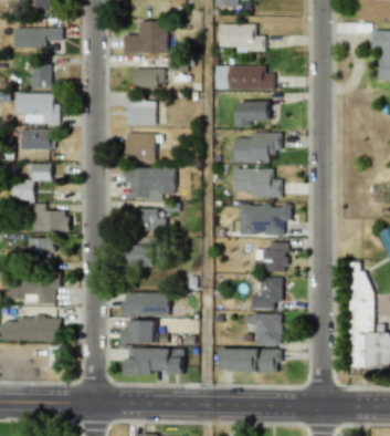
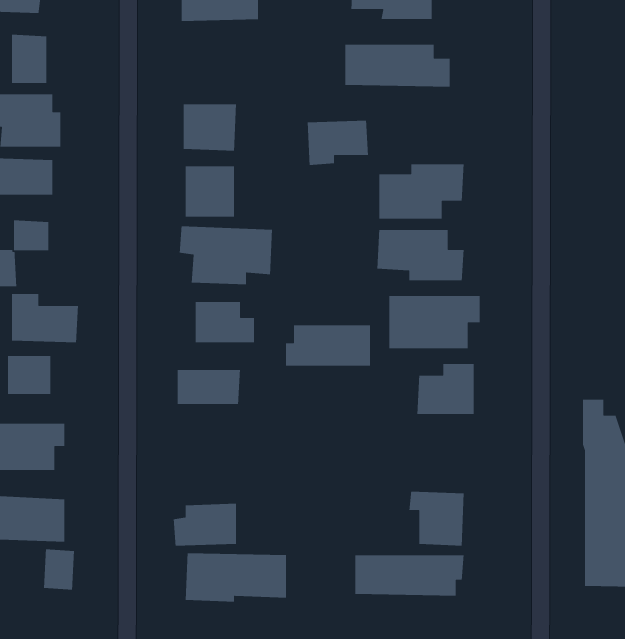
building: [134,68,164,87] -> none
building: [235,101,270,126] -> [307,120,369,166]
building: [251,277,282,309] -> none
building: [122,292,169,315] -> [285,325,371,366]

